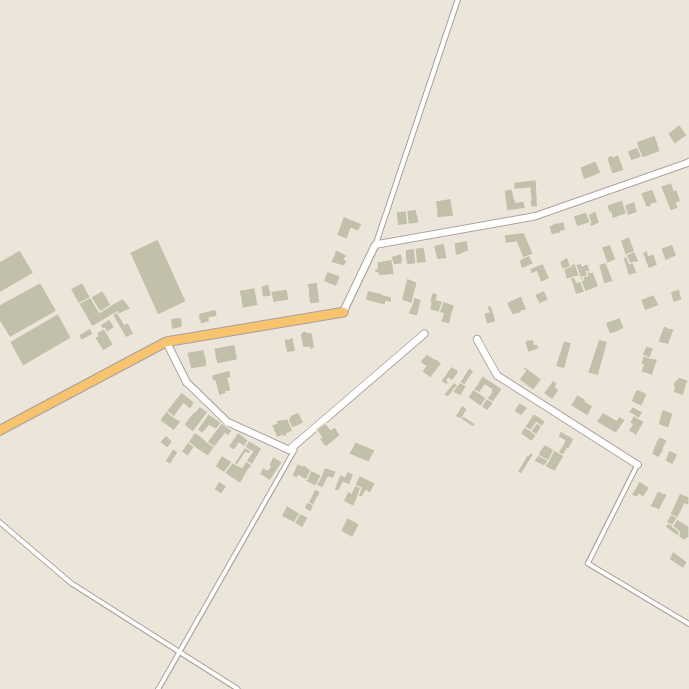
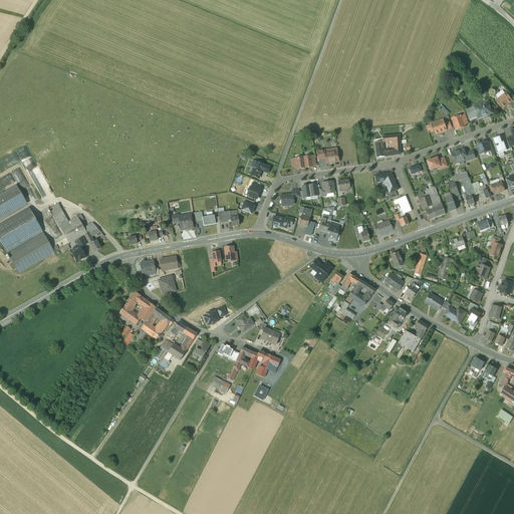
building: [130,239,186,315] -> none

